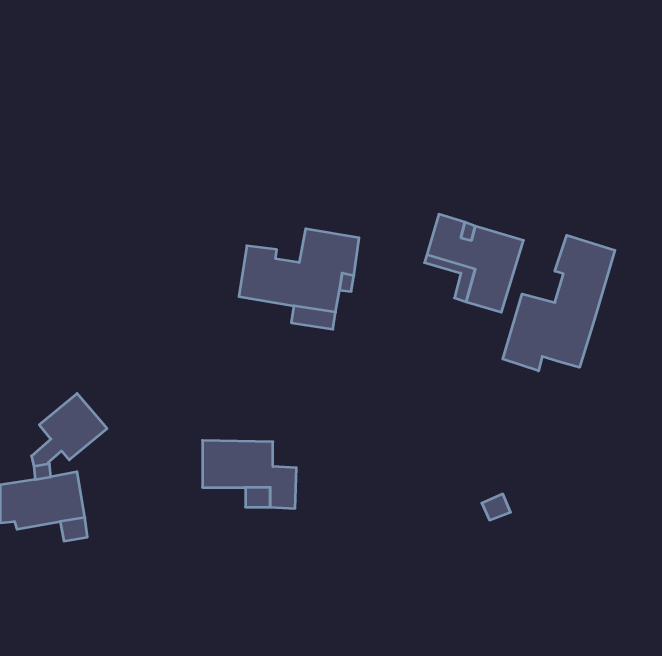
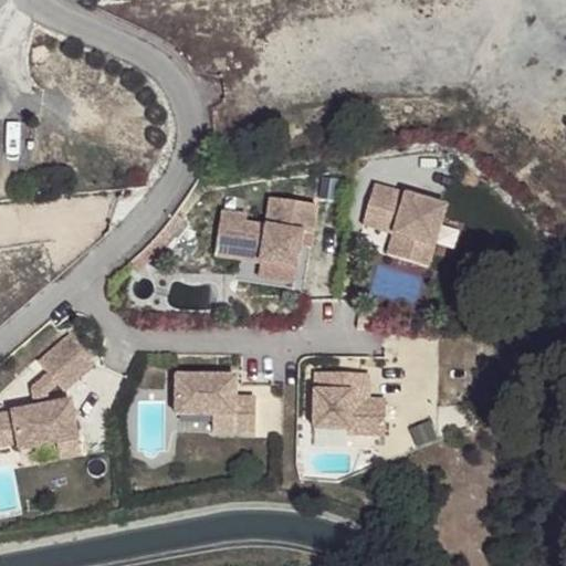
building: [503,235,615,371] -> none
building: none -> [314,370,386,432]

